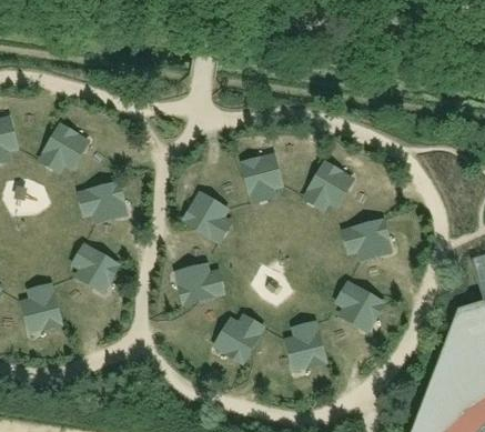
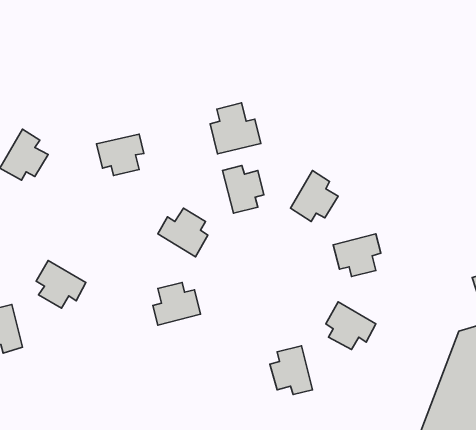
building: none -> [210,103,261,154]
building: [80,183,123,221] -> [96,134,144,176]
building: [220,315,263,362] -> none

